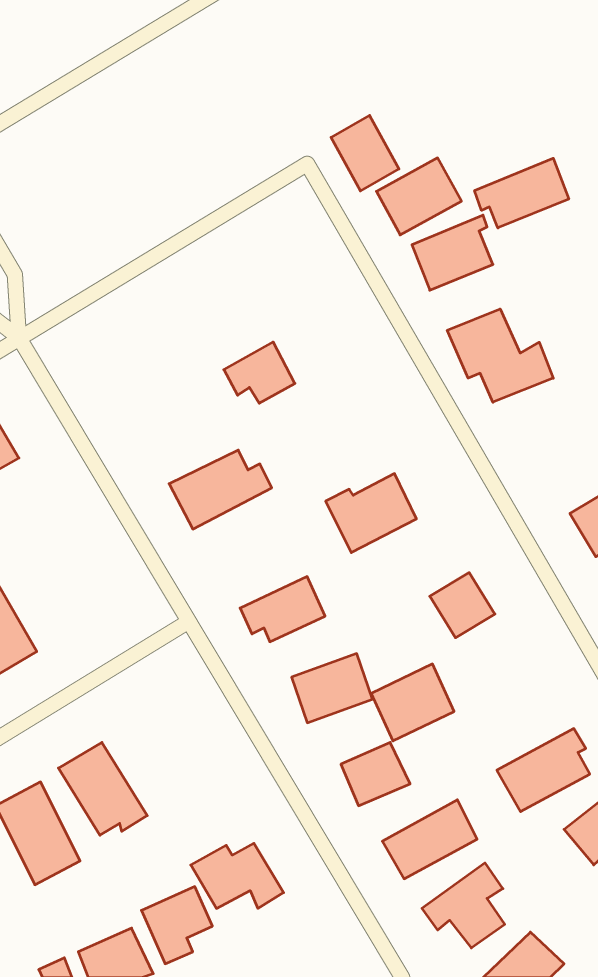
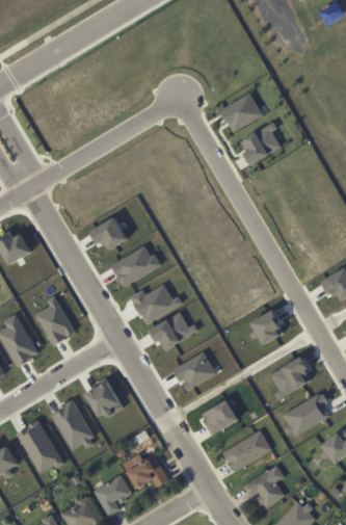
building: [331,115,399,191] -> none
building: [475,158,569,228] -> none
building: [447,309,553,402] -> none
building: [224,342,295,403] -> [86,217,124,250]
building: [326,474,416,553] -> [131,283,179,324]
building: none -> [34,296,75,345]
building: [371,664,454,741] -> [268,357,312,397]
building: none -> [82,379,122,418]

